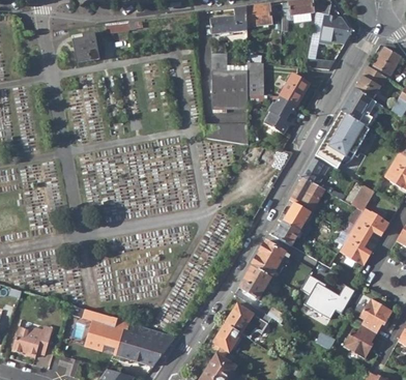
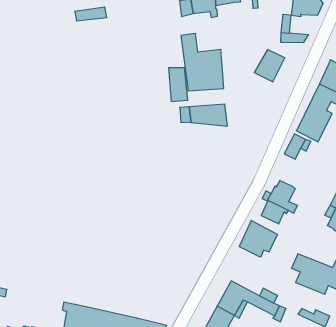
building: [72,31,98,61] -> none
building: [248,61,264,94] -> [169,68,188,101]
building: [263,94,296,134] -> none
building: [290,176,324,211] -> none
building: [238,264,271,298] -> none

